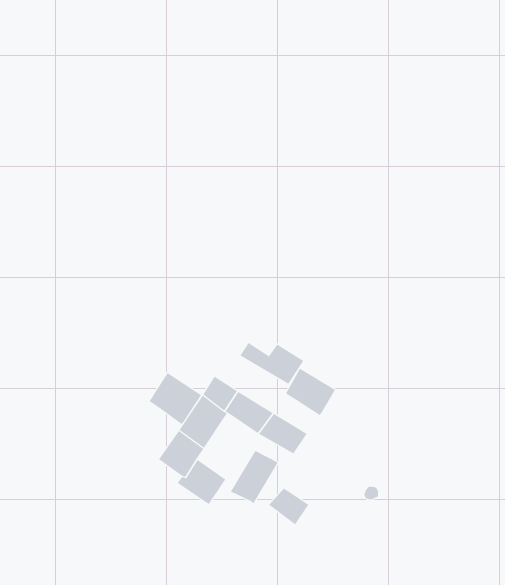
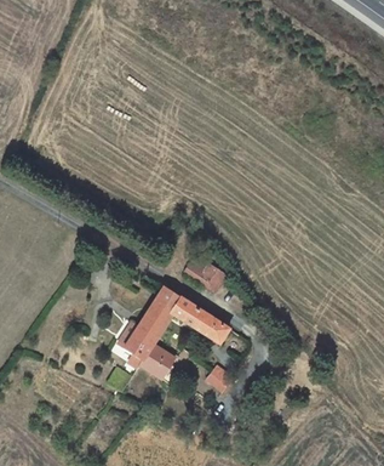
building: [285,368,336,416] -> none
building: [149,372,202,425] -> none
building: [230,450,279,504] -> none

